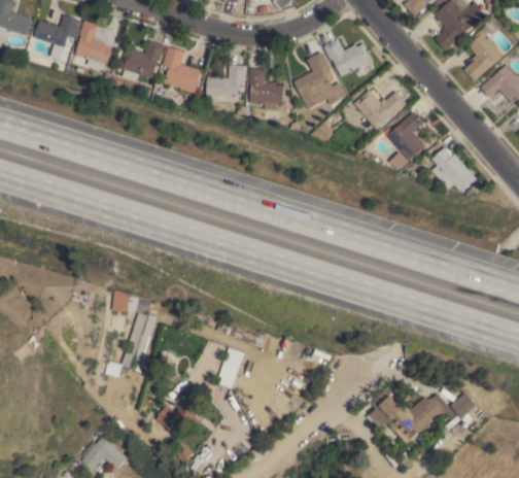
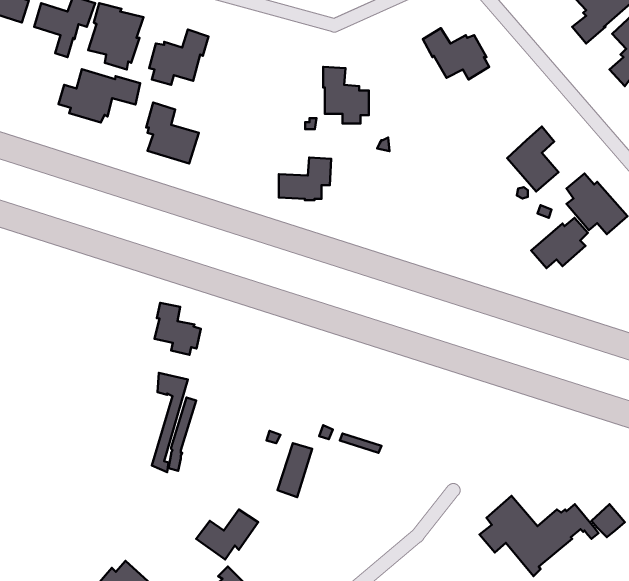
building: [163,47,202,93] -> [146,103,199,163]
building: [295,52,346,109] -> none
building: [207,65,246,97] -> [279,157,331,200]
building: none -> [59,69,140,122]
building: [353,90,407,130] -> none
building: none -> [531,218,588,268]
building: none -> [154,303,201,355]

